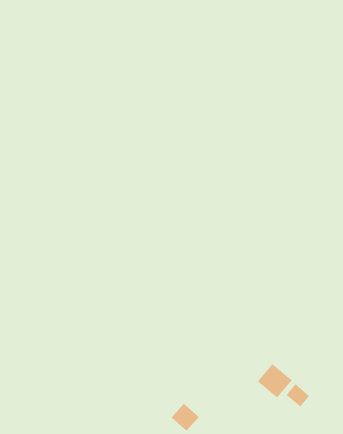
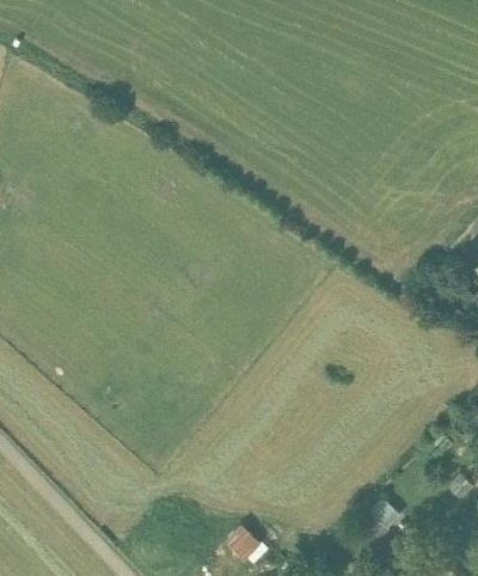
building: [257,363,293,399] -> none

